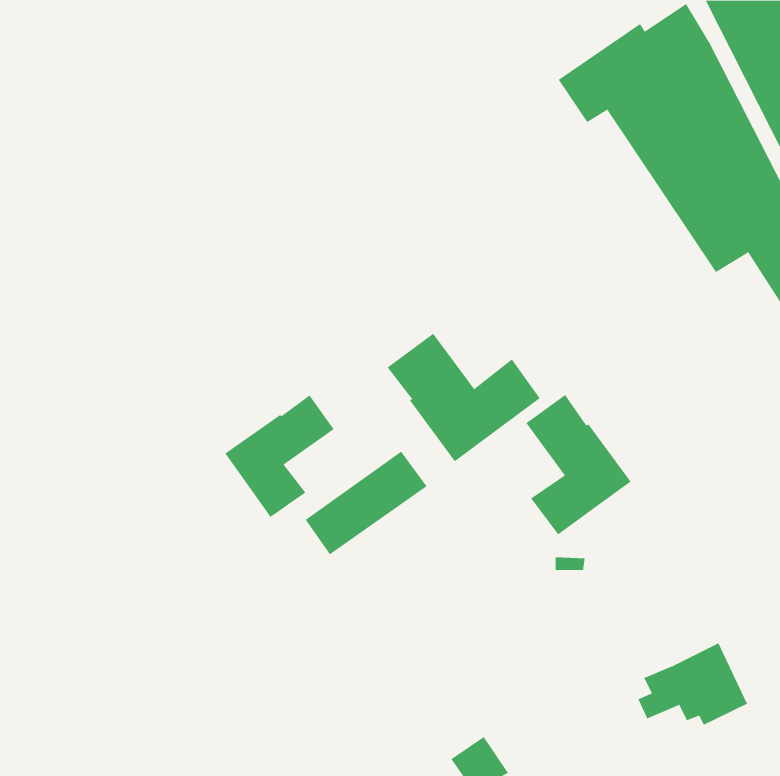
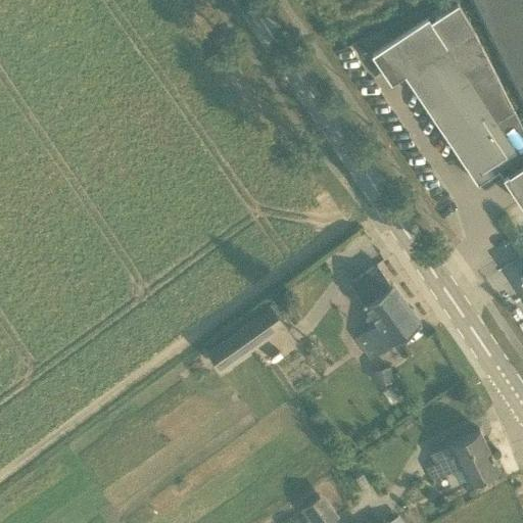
building: [387,333,541,462] -> none
building: [224,394,335,518] -> none

